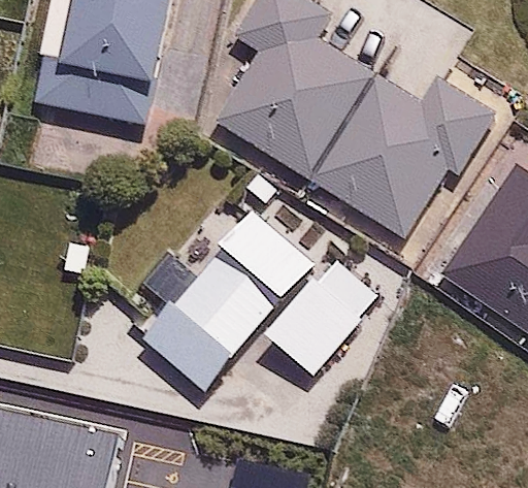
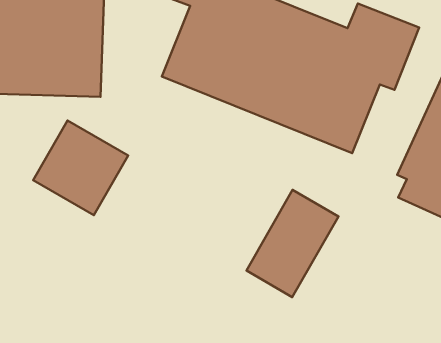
building: none -> [33,120,128,215]
building: [146,208,315,390] -> none

